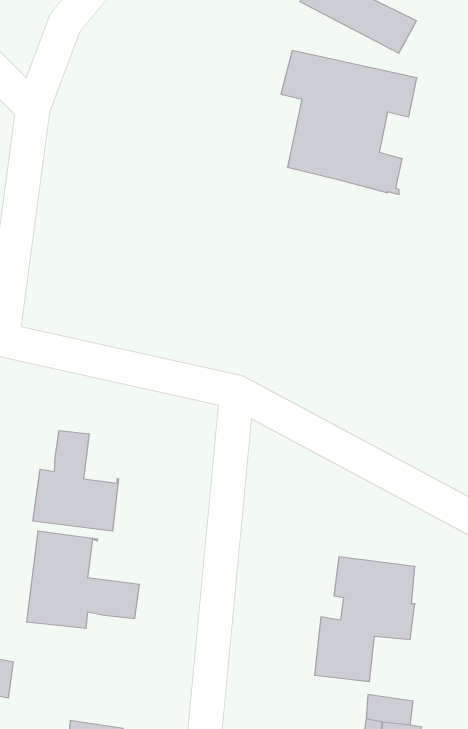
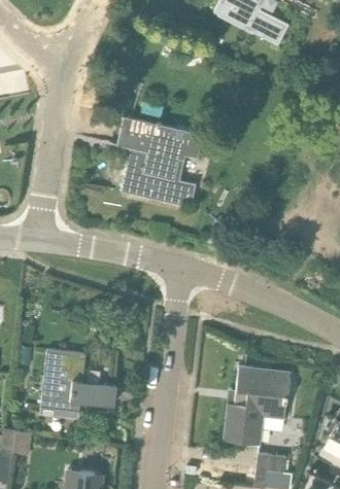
building: [281,50,417,195] -> [116,116,203,208]
building: [33,431,119,531] -> none

